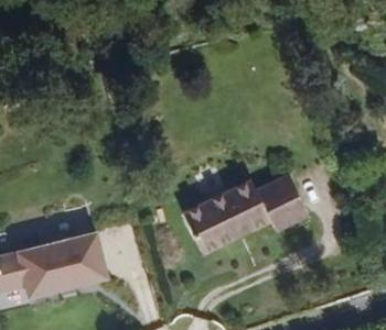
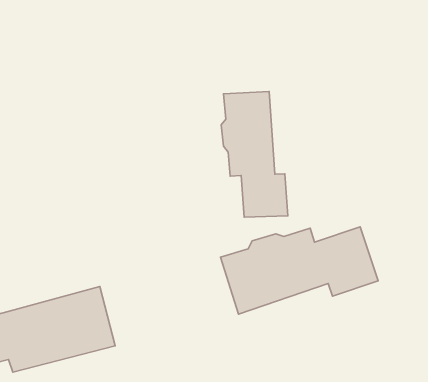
building: none -> [221,91,288,217]

